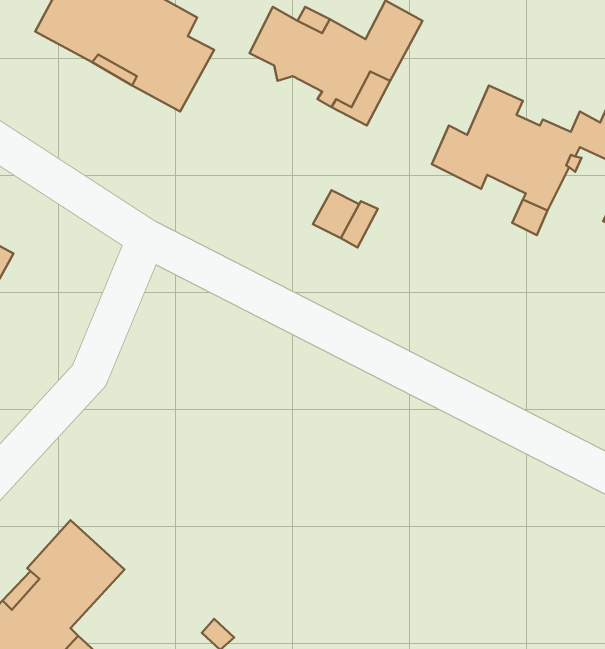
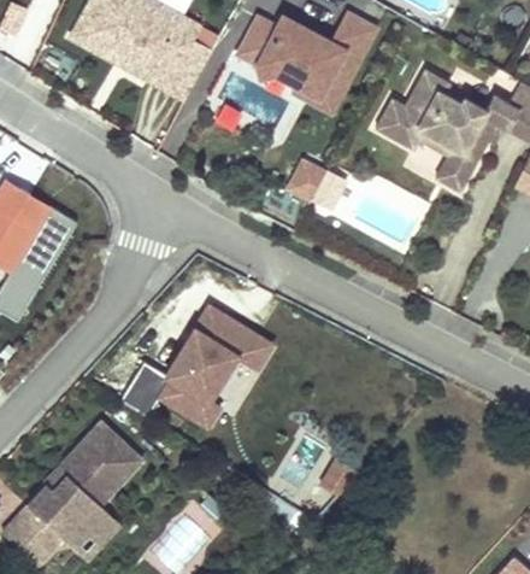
building: none -> [118,304,270,424]

